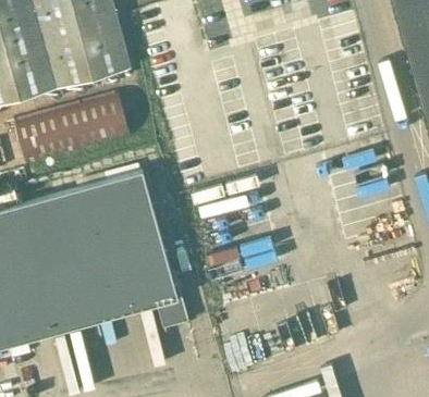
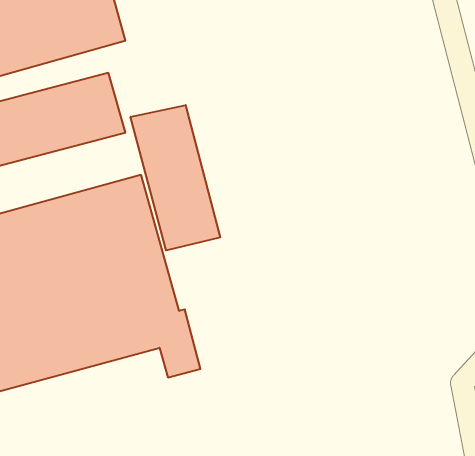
building: none -> [131,105,220,250]

